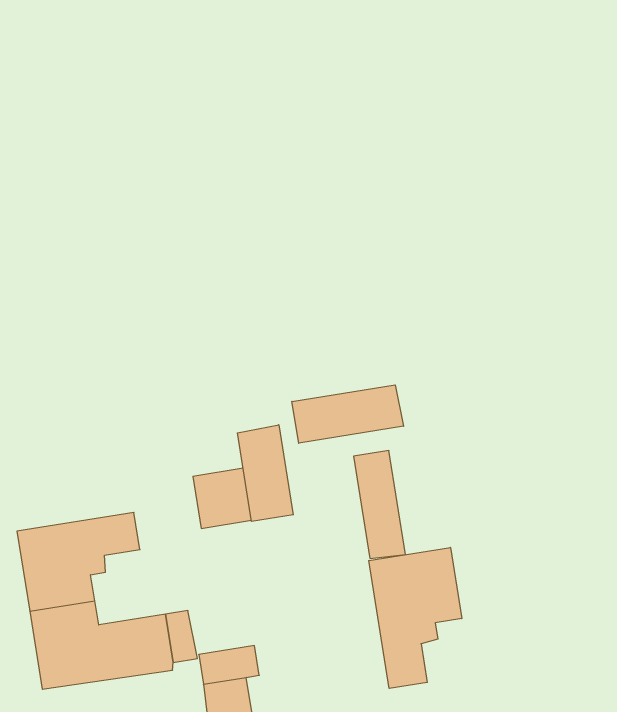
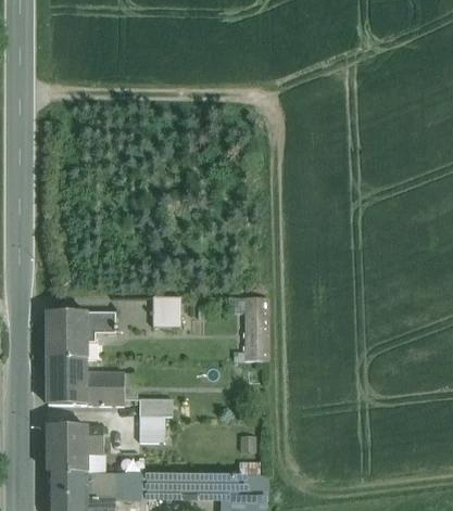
building: [292,385,404,443] -> none
building: [237,425,293,521] -> none
building: [369,547,462,688] -> none

